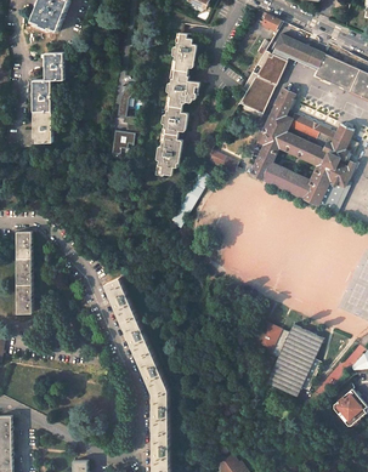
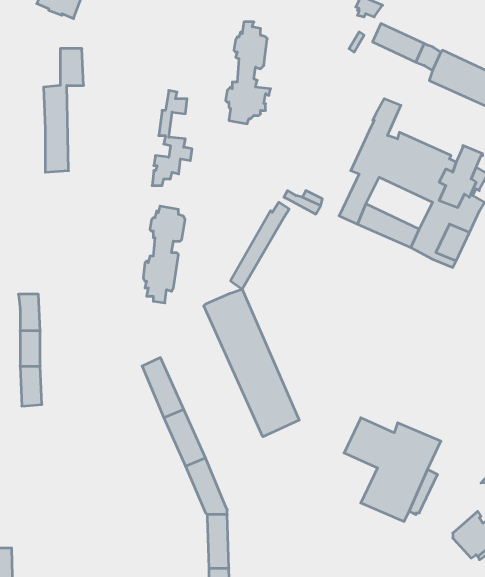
building: [239,52,284,112] -> none
building: [157,104,187,175] -> [143,206,185,303]
building: none -> [204,289,299,437]

